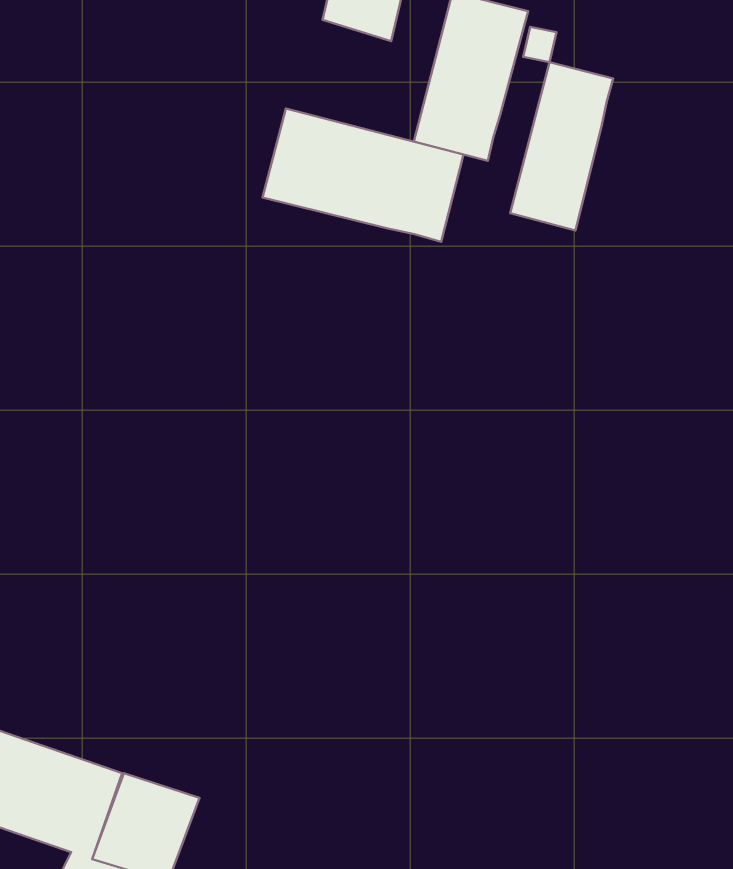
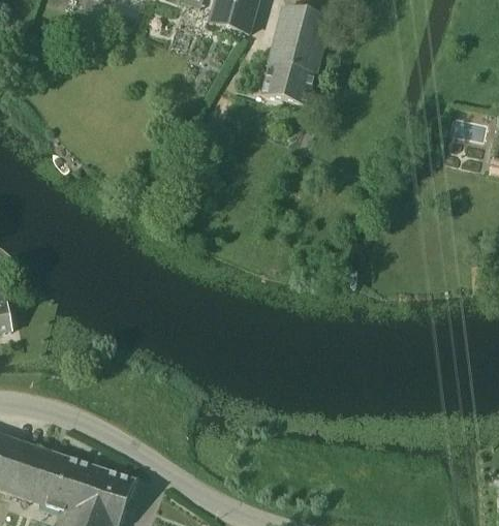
building: [510,62,613,230] -> none
building: [263,108,463,242] -> none

